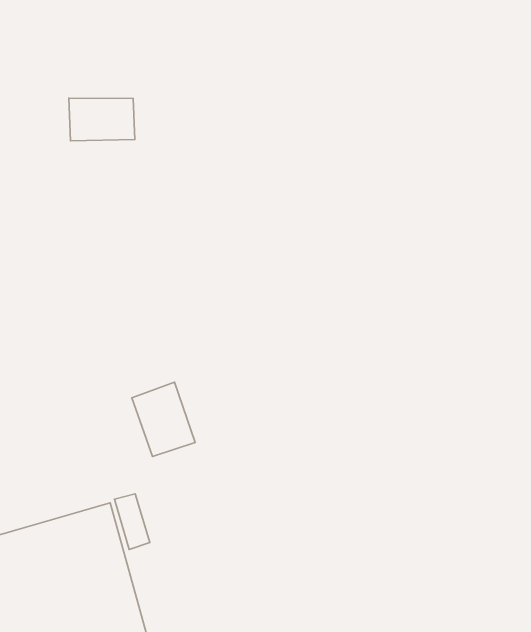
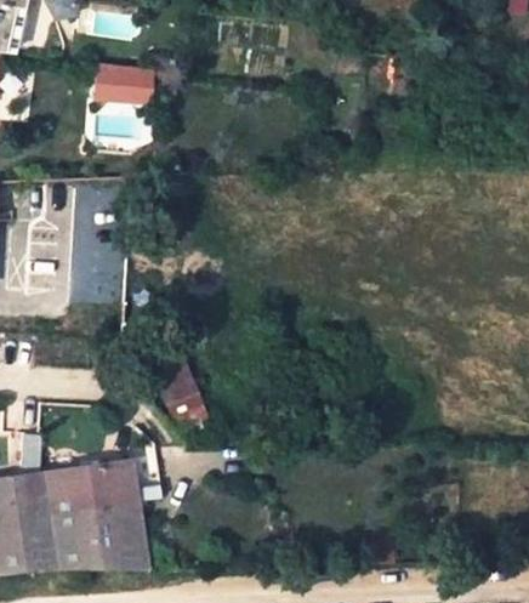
building: [69,98,135,141] -> [97,63,150,102]

